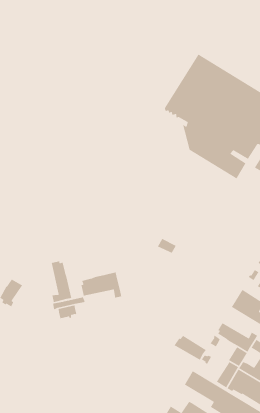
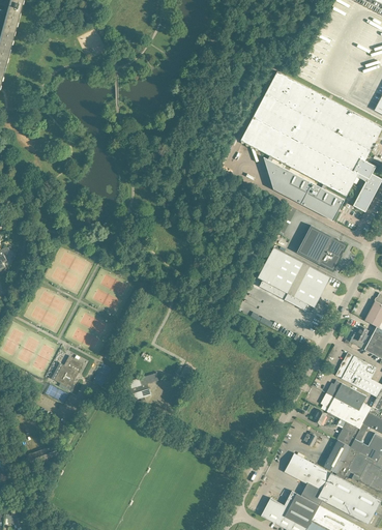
building: none -> [296,225,348,271]
building: none -> [258,247,330,308]
building: [51,261,72,303] -> none
building: [80,272,122,298] -> none
building: [174,335,207,361] -> [326,380,366,410]

